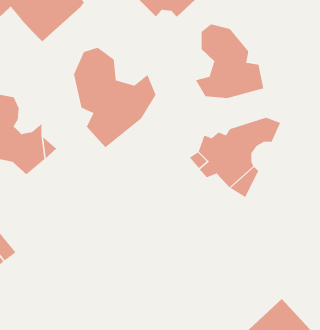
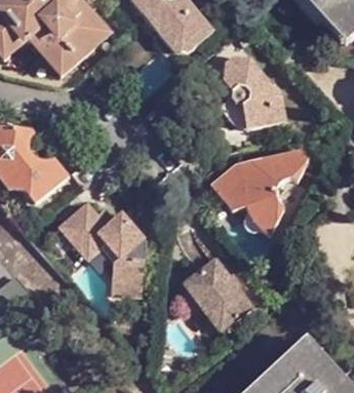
building: [73,47,157,148] -> none
building: none -> [66,208,151,303]
building: none -> [192,258,257,328]

